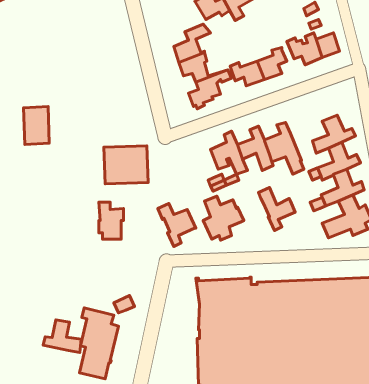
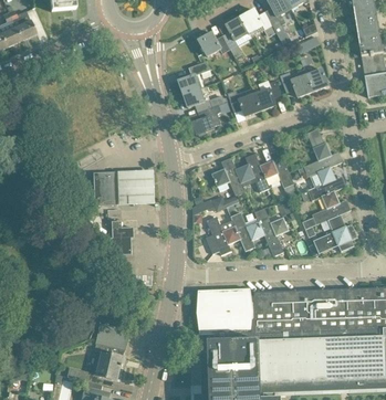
building: [23,106,49,145] -> [93,170,116,204]
building: [158,204,196,246] -> [230,211,264,250]
building: [43,320,81,352] -> none

